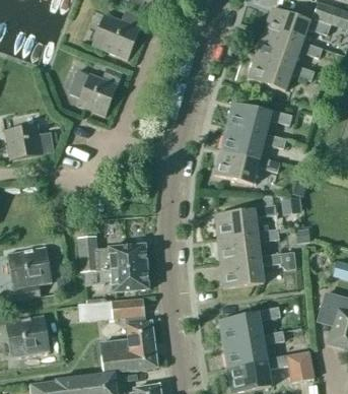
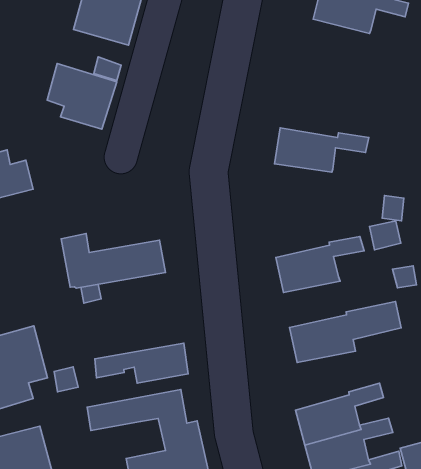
building: [248,54,314,90] -> none
building: [226,102,291,136] -> none
building: [214,150,280,184] -> none
building: [218,229,279,263] -> none
building: [78,236,147,272] -> [61,234,165,288]

